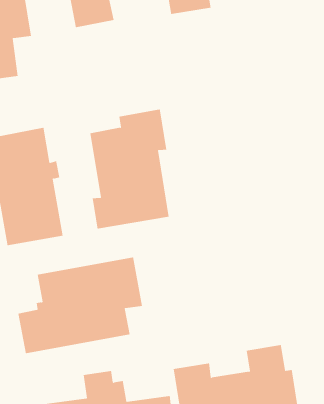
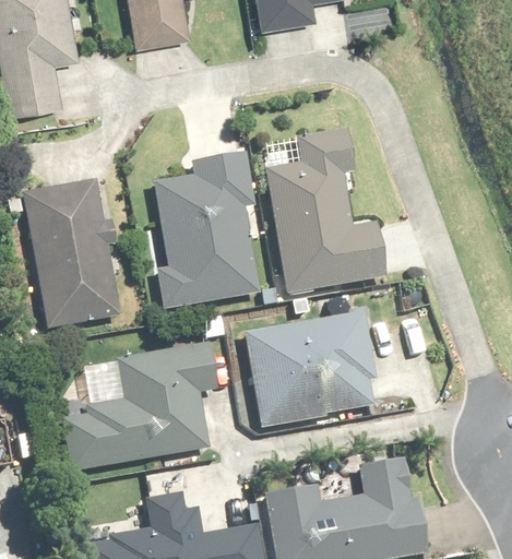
building: none -> [267,129,389,294]
building: none -> [247,313,378,427]

